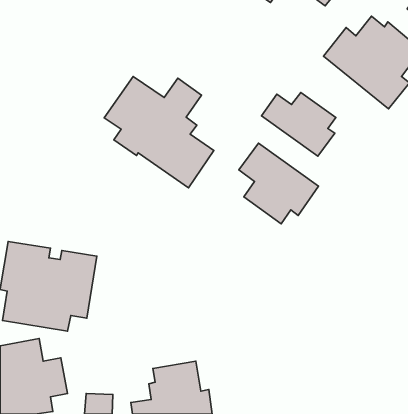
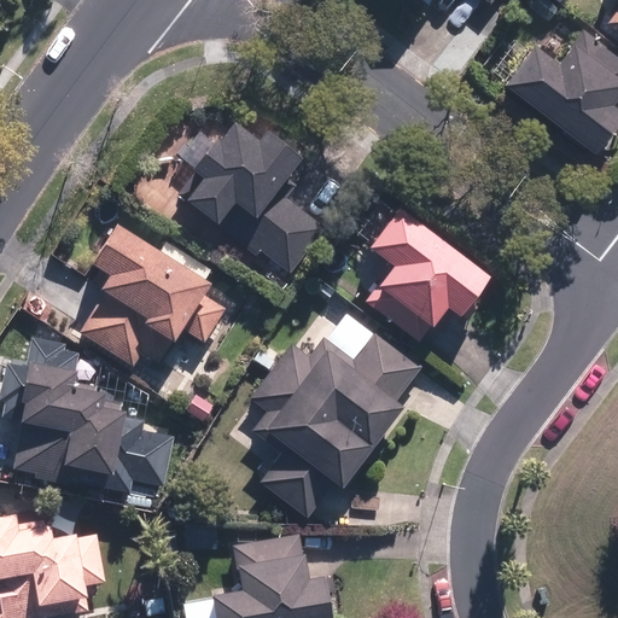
building: [262,92,336,156] -> none
building: none -> [27,227,245,371]
building: none -> [246,311,424,518]

